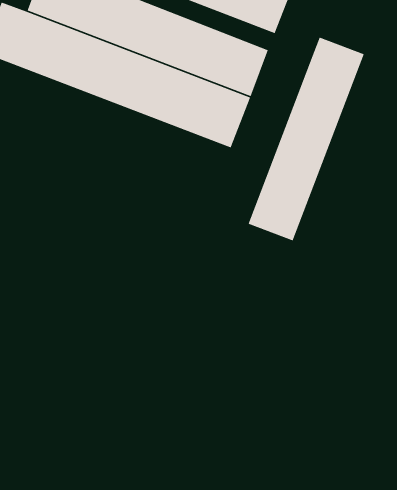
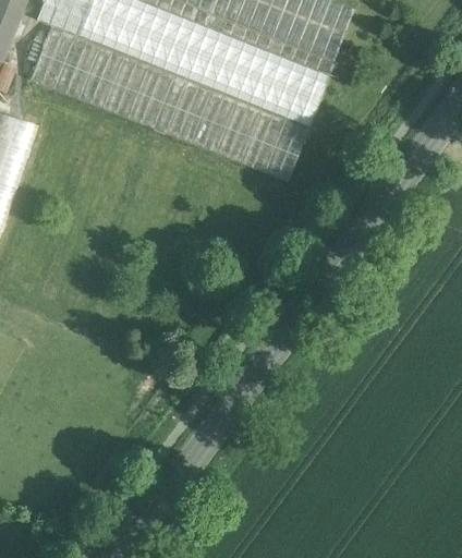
building: [247,37,365,242] -> none

